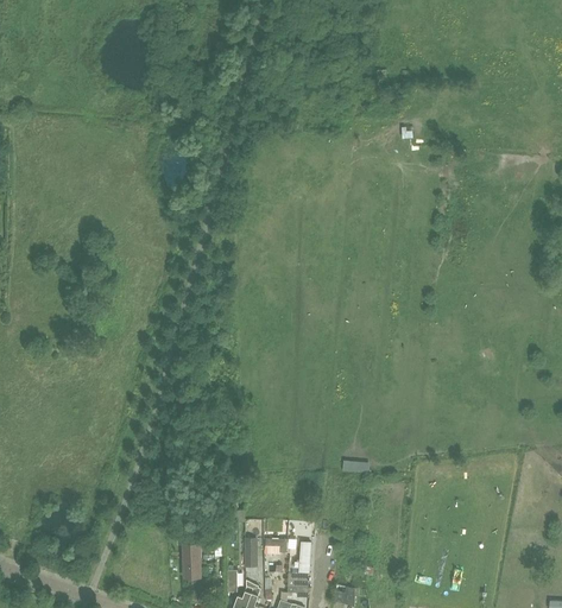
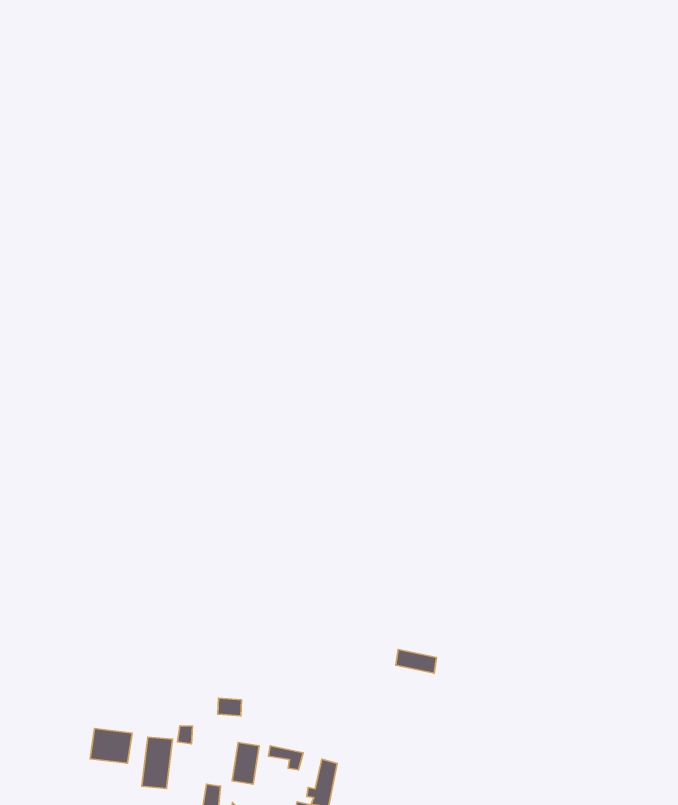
building: none -> [90,729,132,763]

